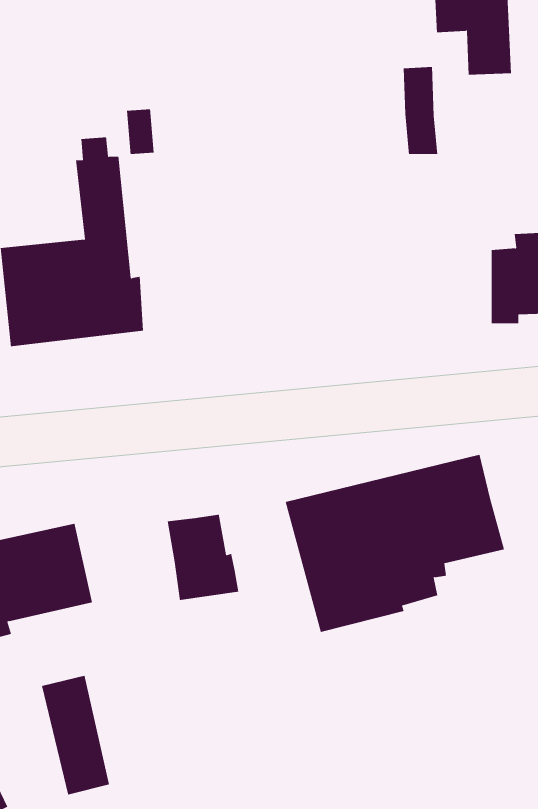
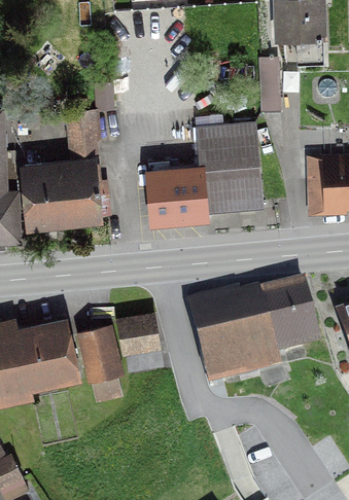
building: none -> [148,121,261,220]
building: [41,675,110,795] -> [79,325,119,395]

